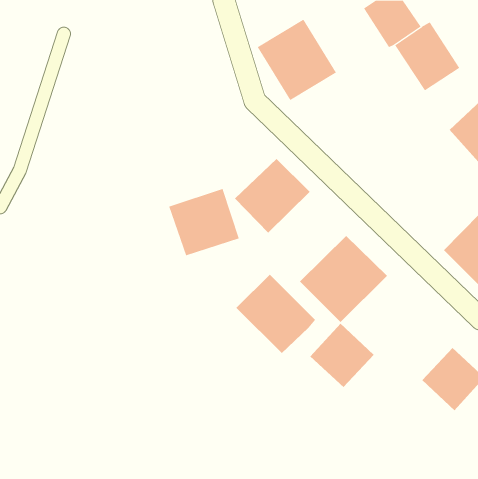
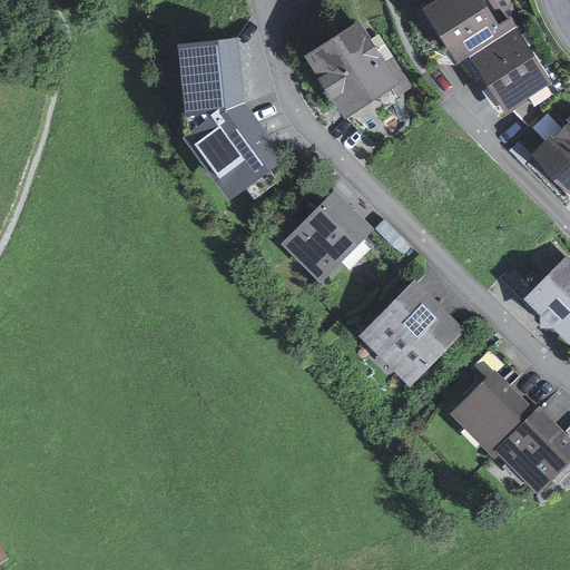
building: none -> [175,40,283,203]
building: [168,188,240,256] -> none
building: [236,274,316,354] -> none
building: [310,323,374,388] -> [462,375,539,452]

